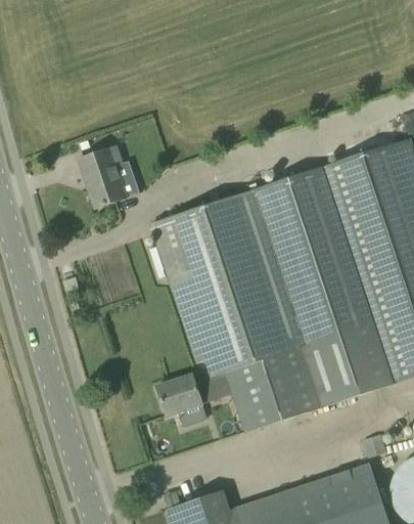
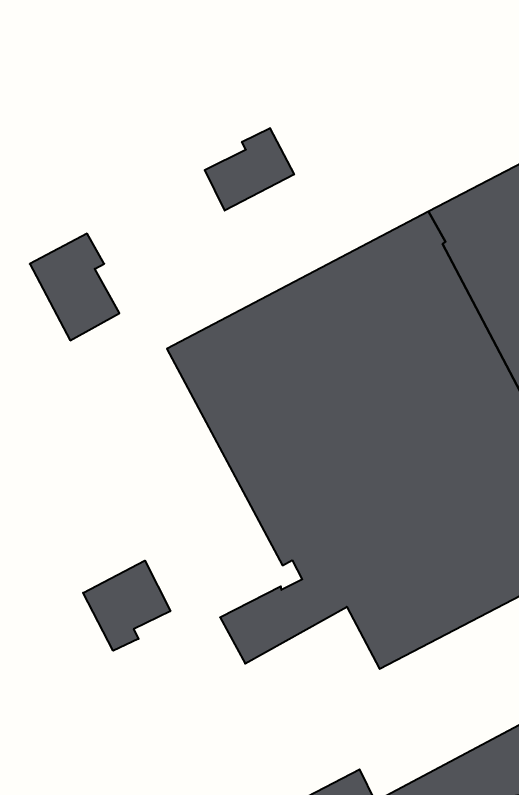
building: none -> [205,128,294,211]
building: none -> [83,561,170,651]

